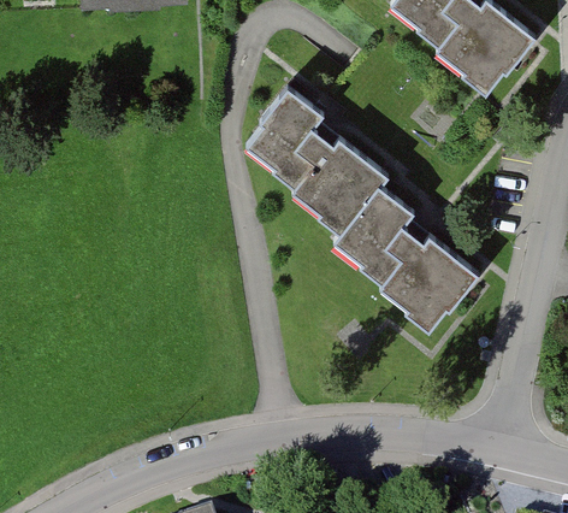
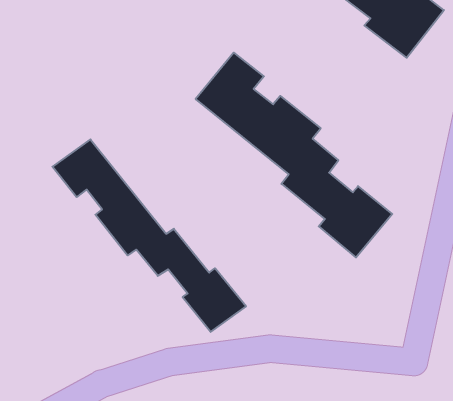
building: none -> [52,139,246,332]

